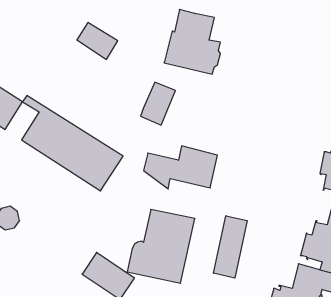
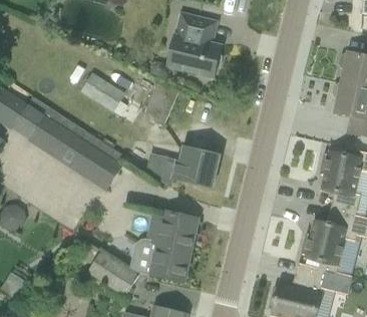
building: [77,23,118,59] -> [81,74,121,110]
building: [213,216,247,278] -> none

